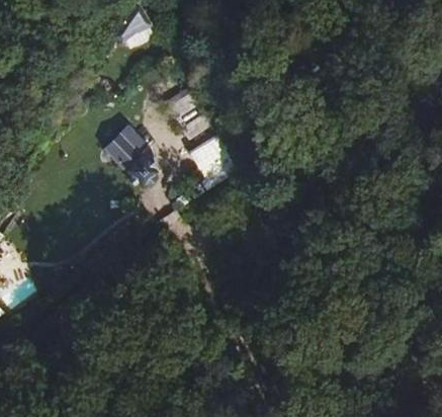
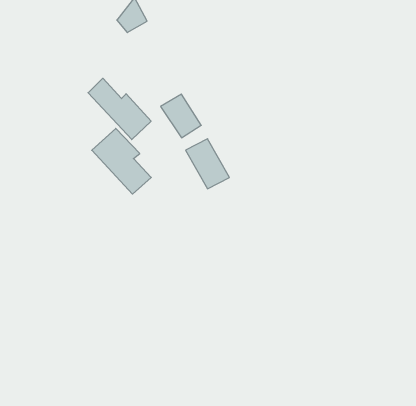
building: none -> [88,78,151,140]

